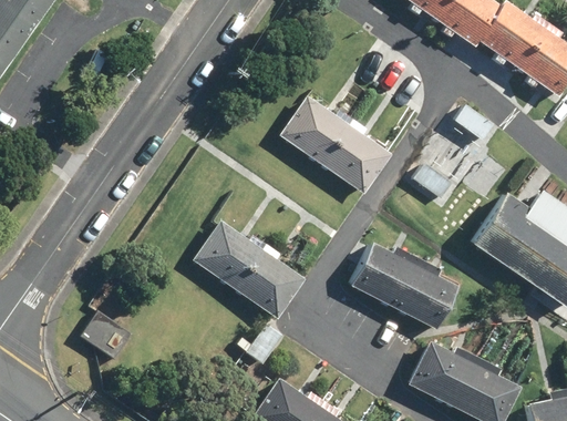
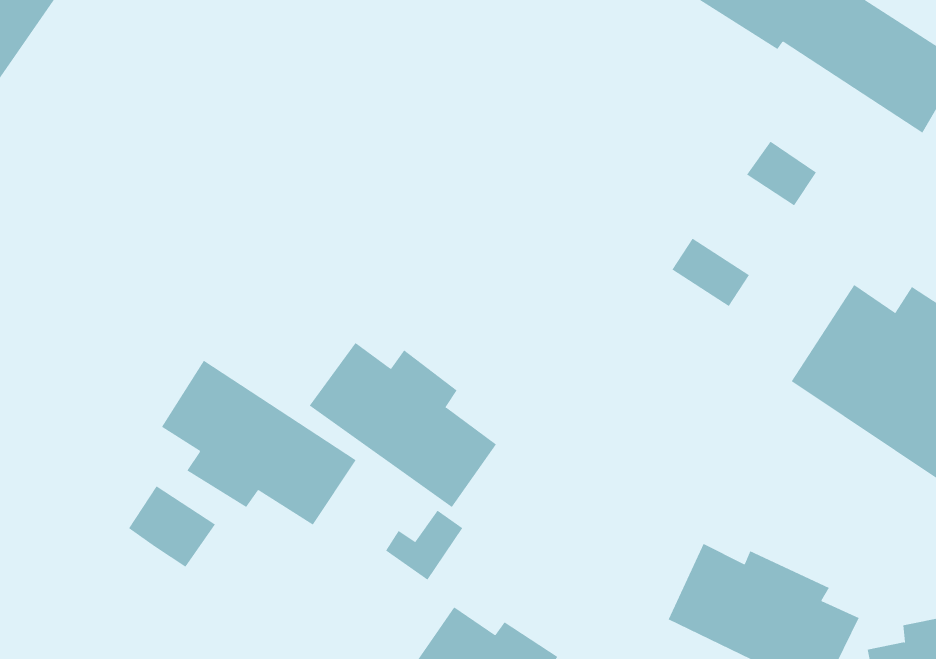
building: [287,93,400,192] -> none
building: none -> [161,360,356,526]
building: [348,243,458,330] -> none

